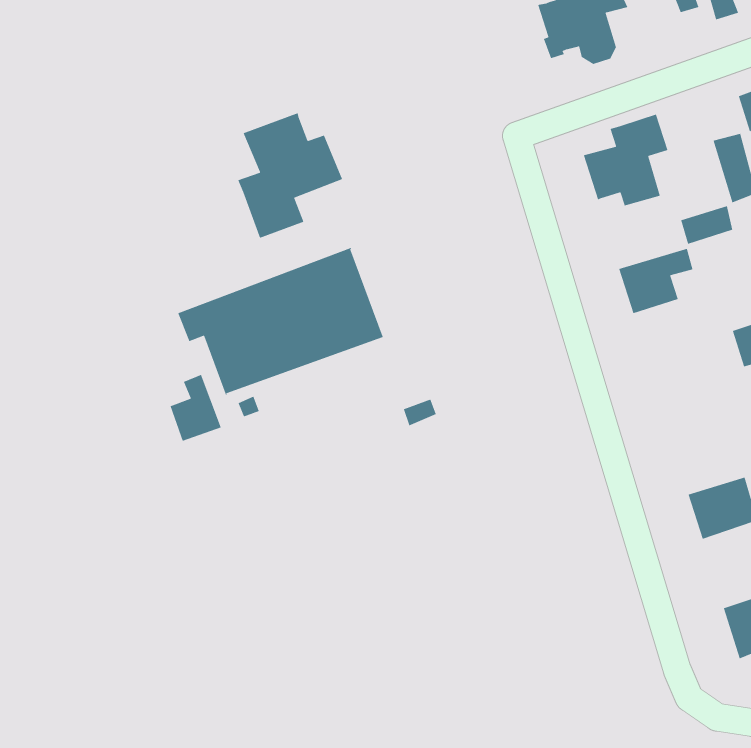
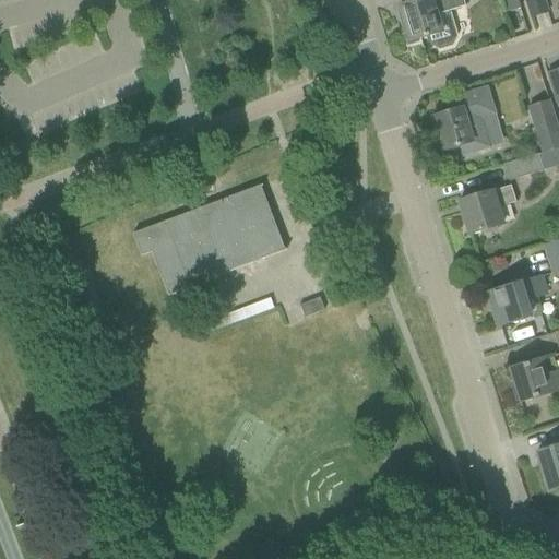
building: [237,112,343,239] -> none
building: none -> [488,274,554,324]
building: [170,374,222,442] -> none

